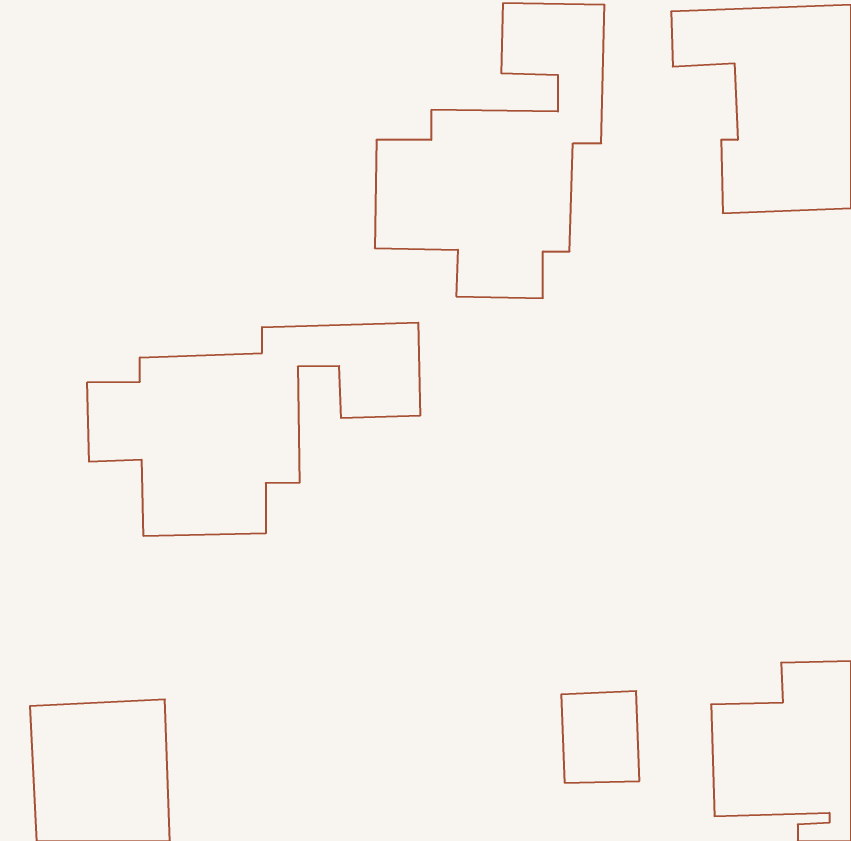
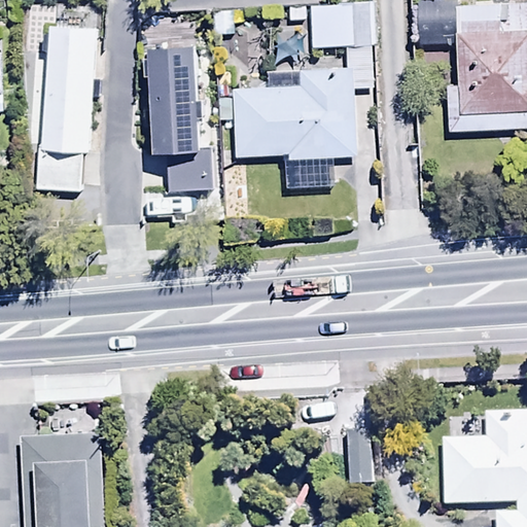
building: none -> [38,25,96,187]
building: none -> [149,47,211,188]
building: [87,323,420,536] -> none

